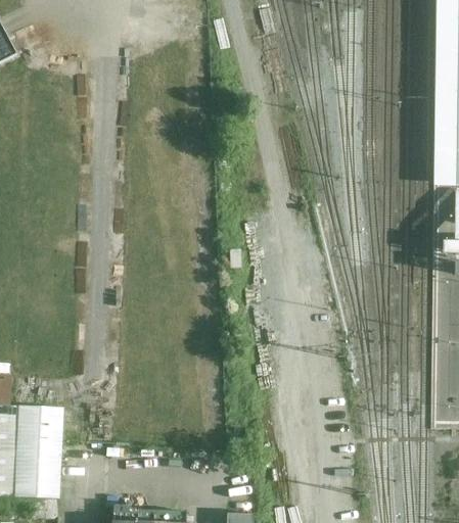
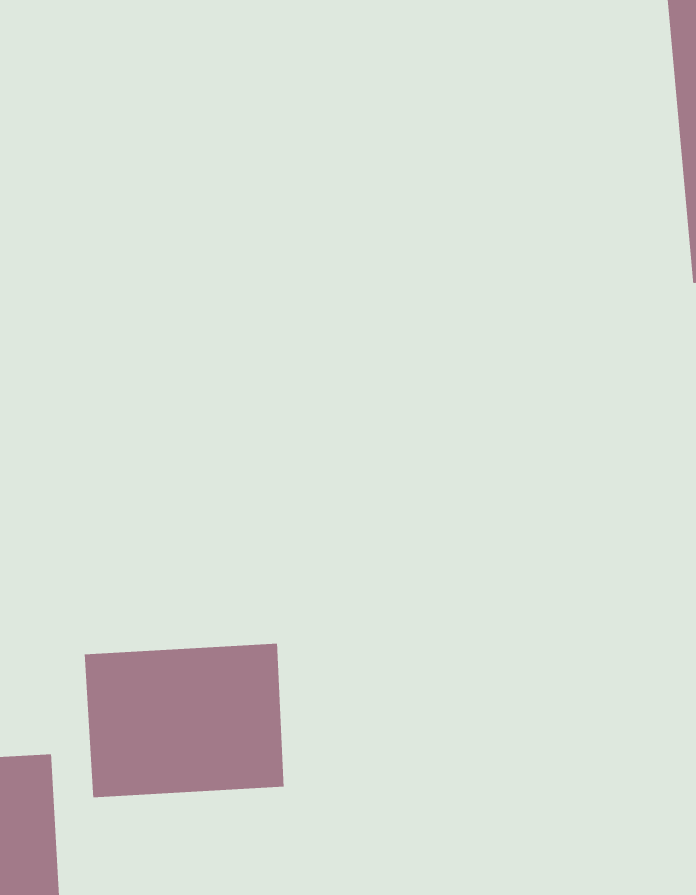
building: none -> [84,643,284,798]

